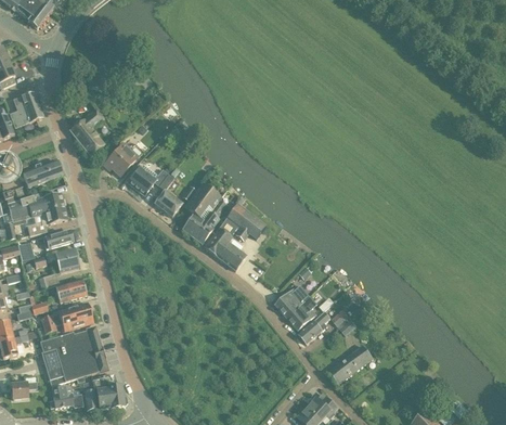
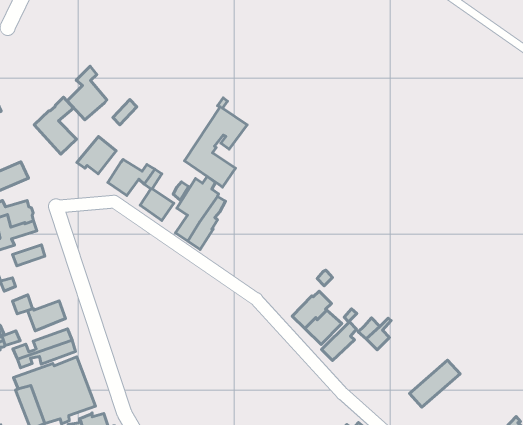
building: none -> [67,66,107,120]
building: [204,196,258,271] -> [184,98,247,187]
building: [46,248,78,271] -> none
building: [328,345,372,383] -> [409,360,460,407]

